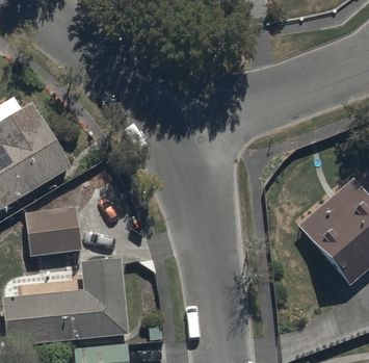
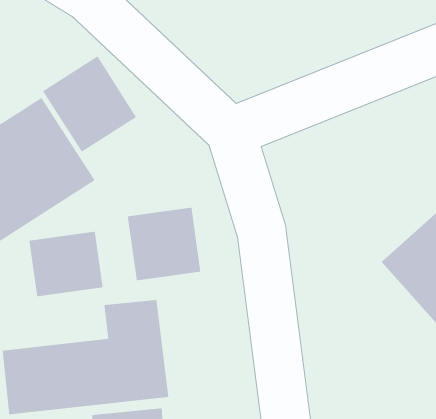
building: none -> [42,56,137,153]
building: none -> [127,207,201,281]

